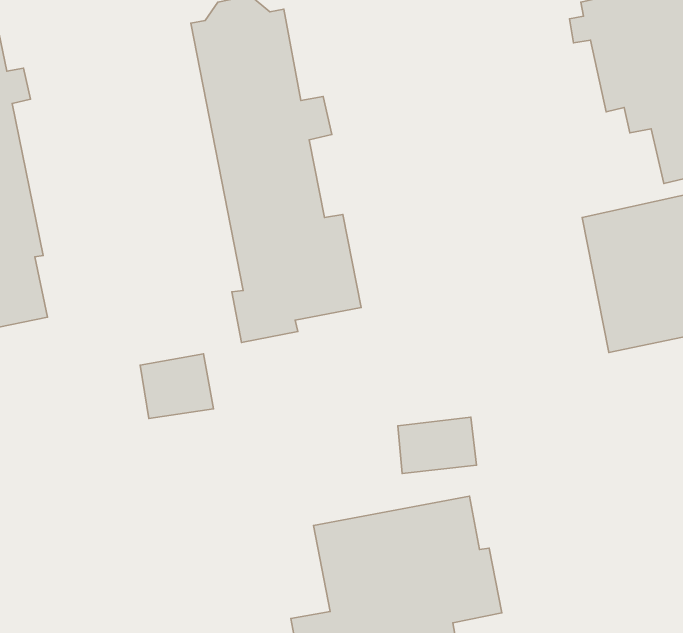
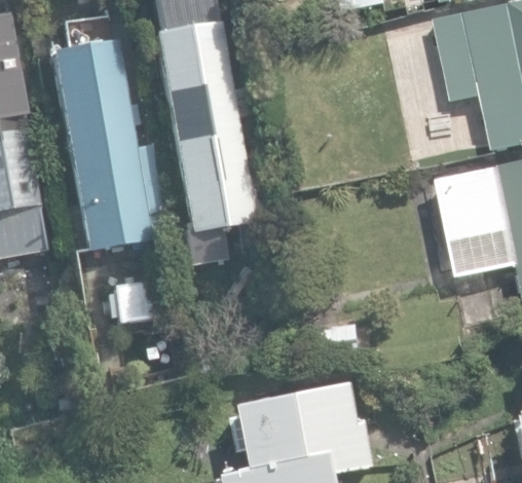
building: none -> [48,43,166,254]

